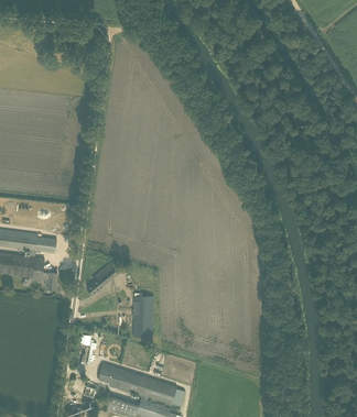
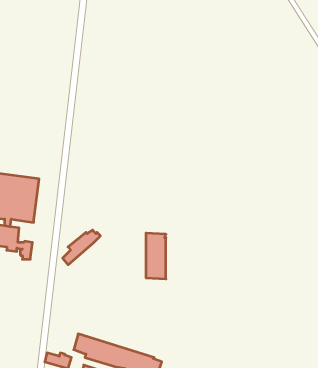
building: [133,292,153,337] -> [146,233,166,279]

